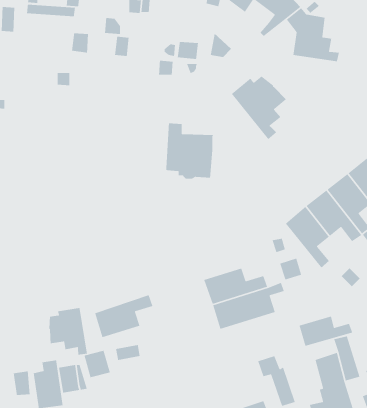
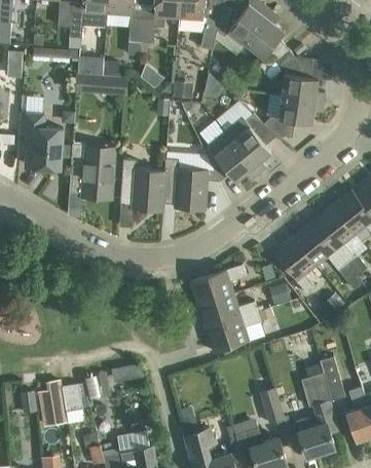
building: none -> [263,95,323,138]
building: none -> [18,112,63,169]
building: none -> [203,131,258,182]
building: none -> [69,144,115,201]
building: none -> [119,158,164,213]
building: [94,294,154,338] -> [190,264,246,305]
building: [48,307,88,355] -> none
building: [299,316,353,347] -> none

